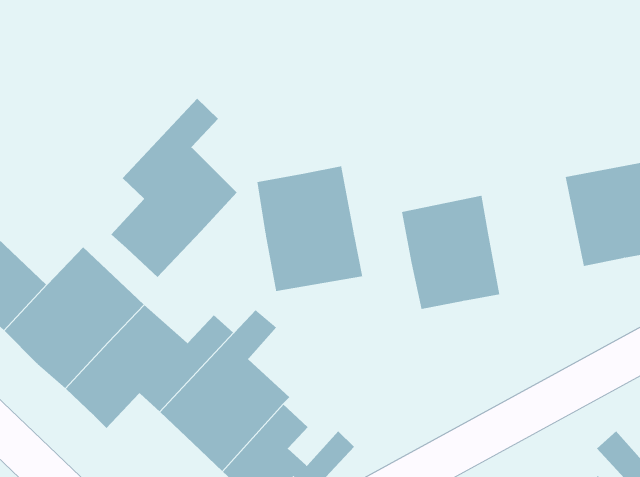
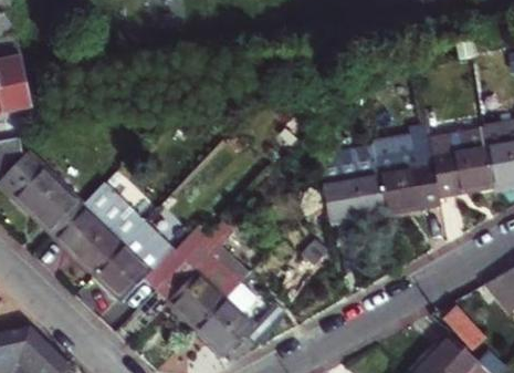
building: [111,98,238,278] -> none
building: none -> [370,122,441,213]
building: [257,166,363,292] -> none

